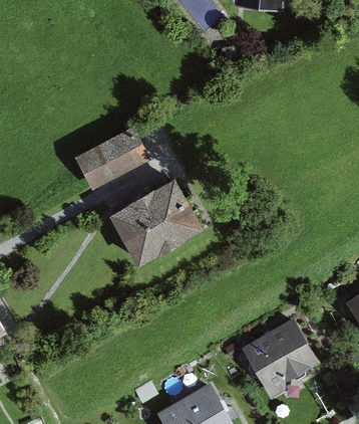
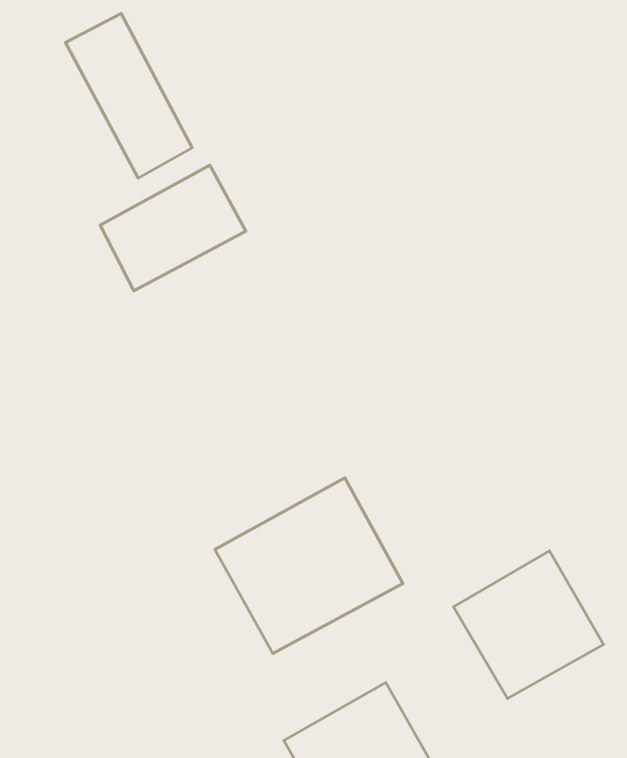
building: none -> [65,13,192,178]
building: [104,178,199,266] -> [215,478,403,654]

